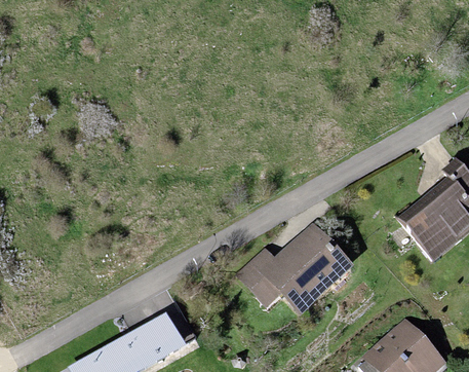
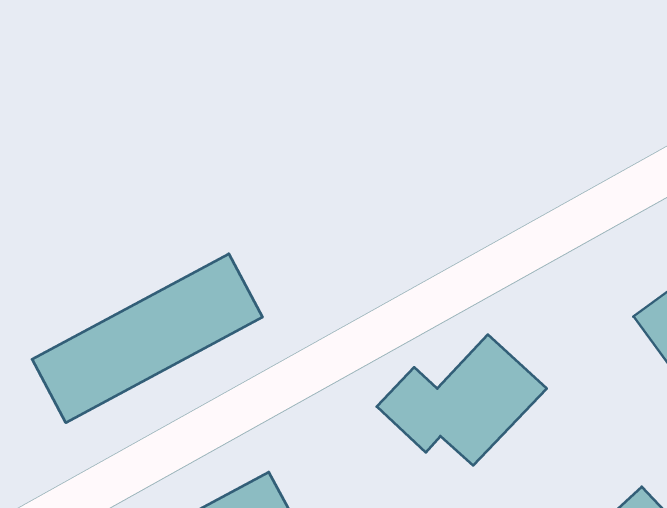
building: none -> [32,254,262,423]

